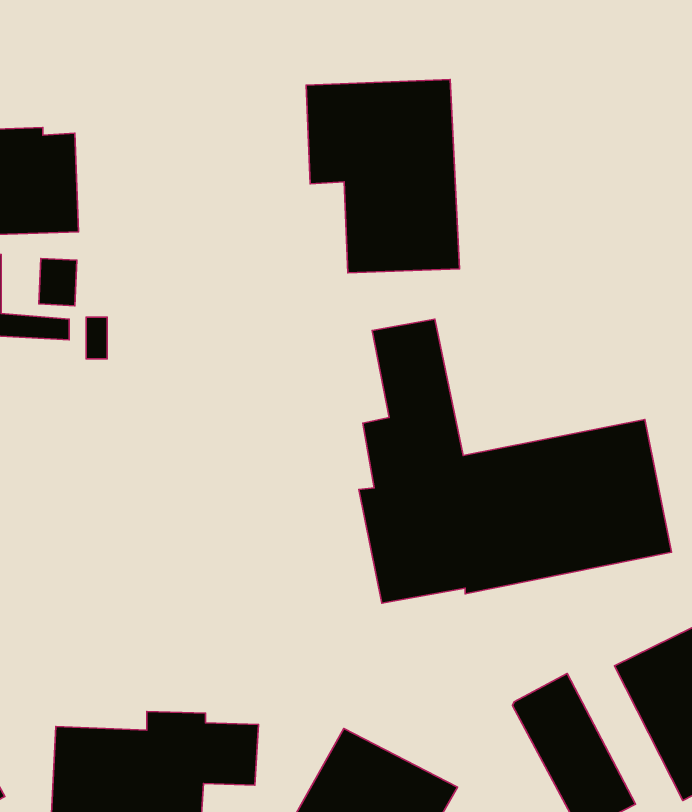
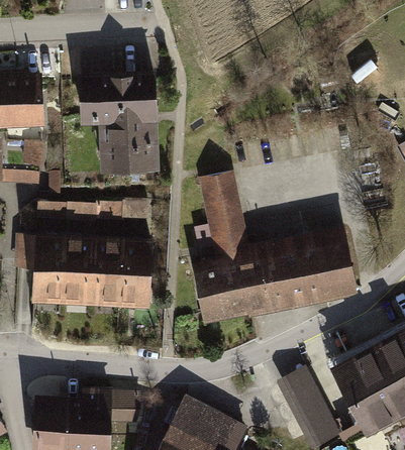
building: [306,79,460,273] -> [79,72,161,175]
building: none -> [36,200,148,221]
building: none -> [14,234,155,311]

